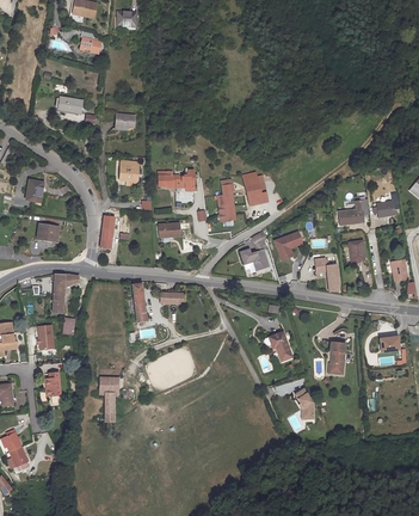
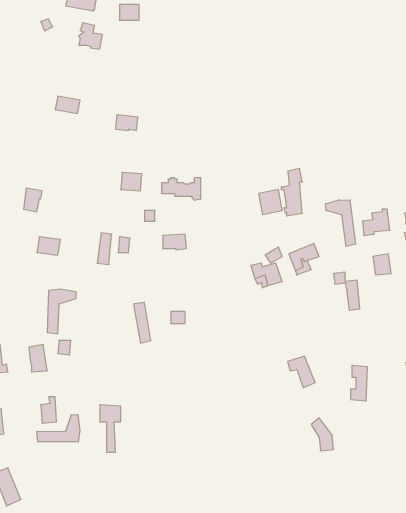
building: [215,178,234,221] -> [281,169,302,216]
building: none -> [326,200,355,246]
building: none -> [37,415,80,442]

